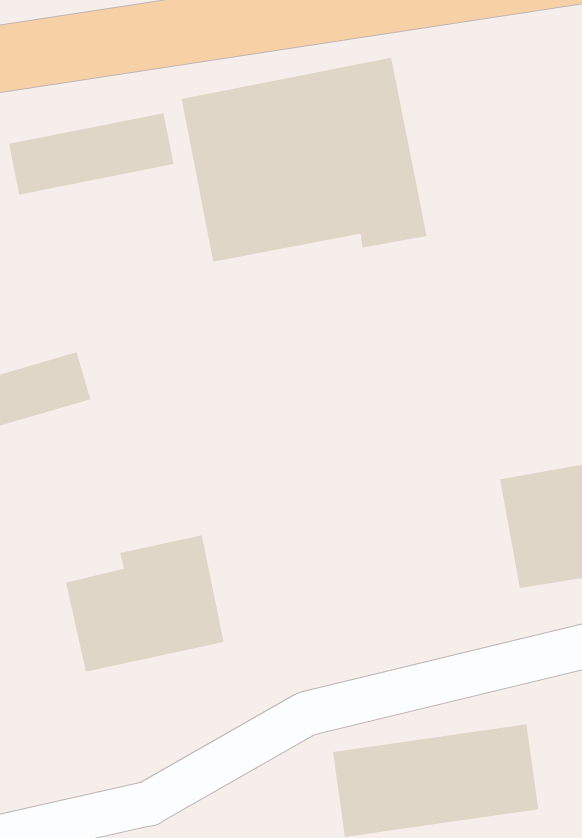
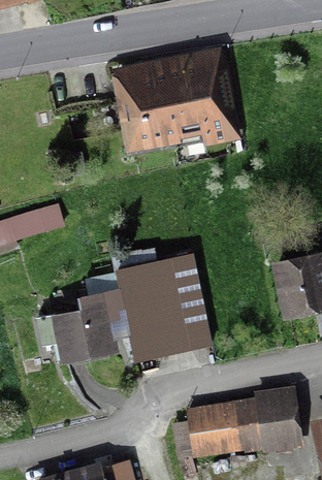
building: [8,112,174,195] -> none
building: none -> [117,259,211,363]

